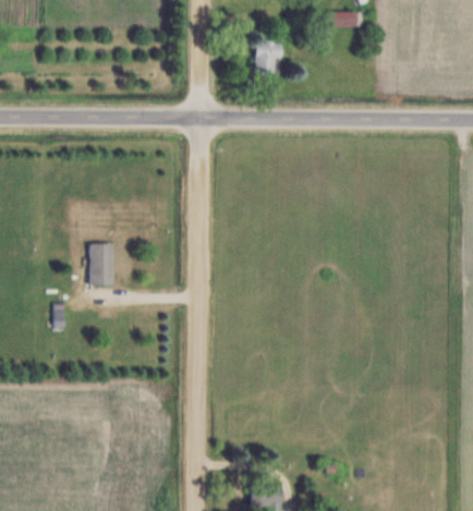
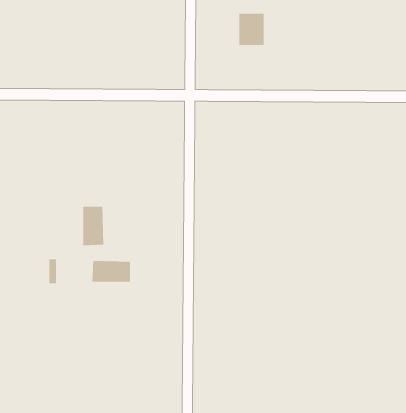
building: none -> [92,260,131,283]

